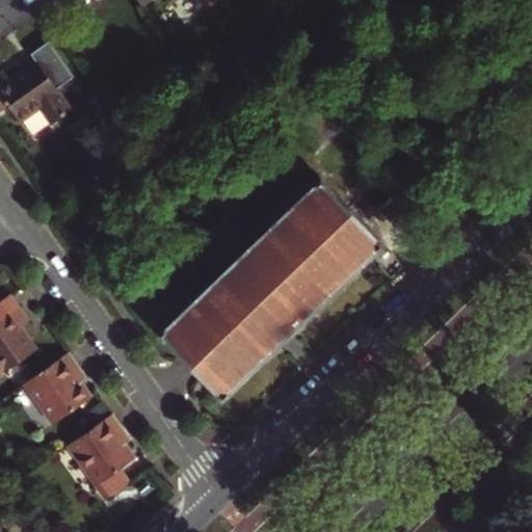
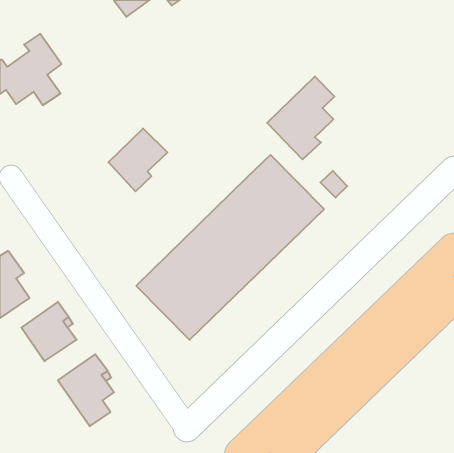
building: none -> [267,76,334,159]
building: none -> [108,128,167,191]

